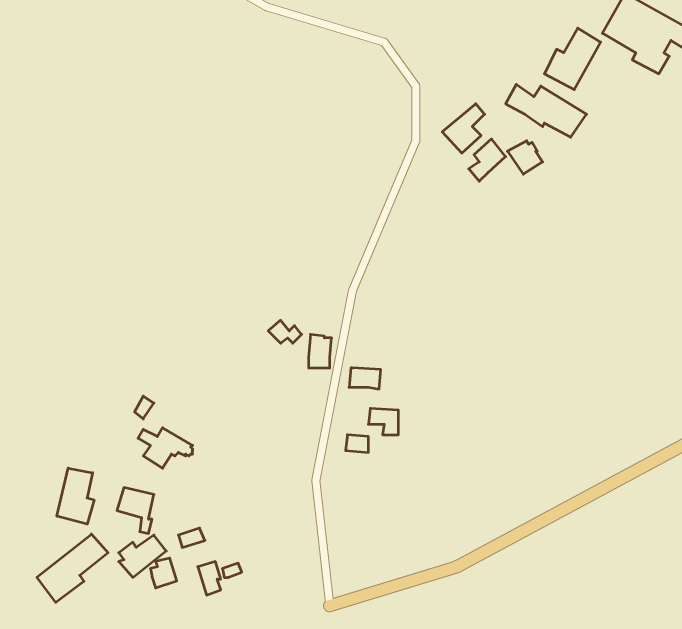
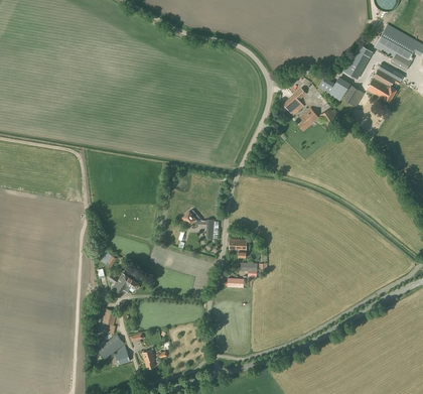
building: none -> [366,62,404,104]
building: [57,468,94,524] -> none
building: [37,534,108,602] -> none

